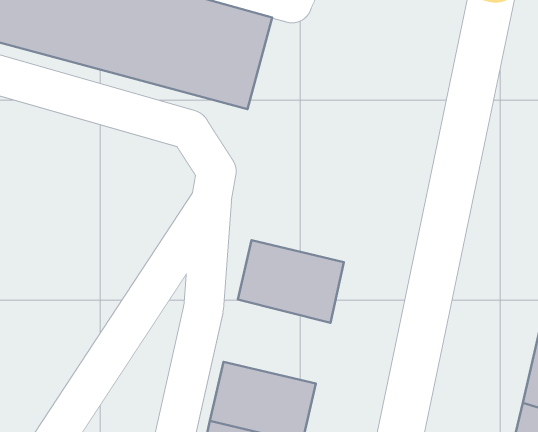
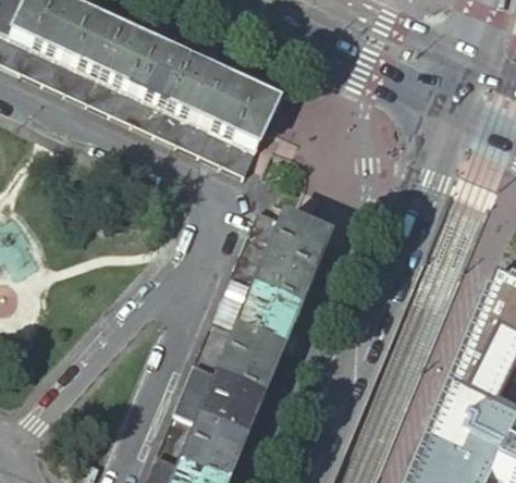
building: none -> [237,197,335,295]
building: none -> [199,310,288,386]

